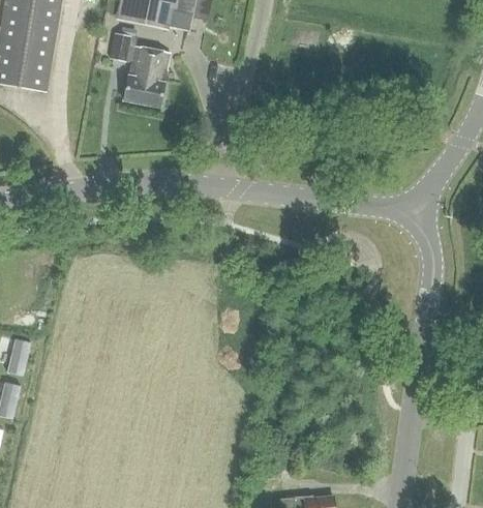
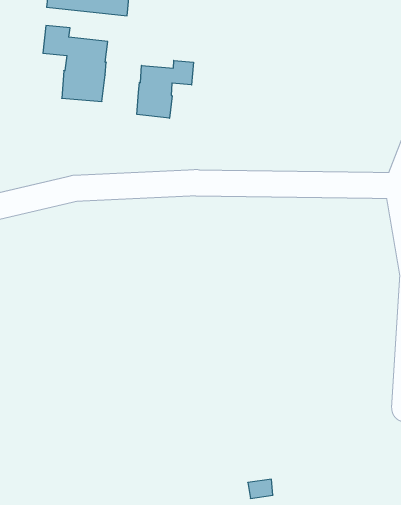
building: none -> [137,60,193,118]

